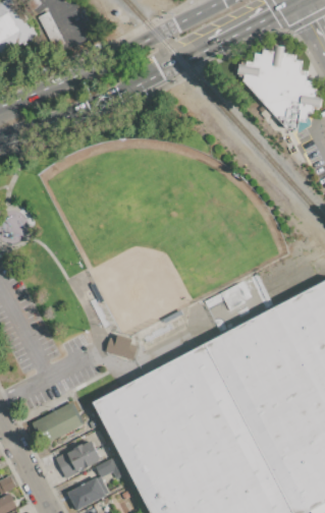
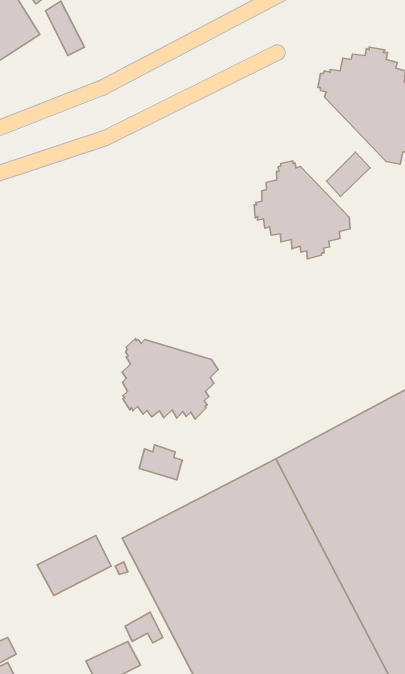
building: none -> [327,152,370,196]
building: none -> [254,161,350,259]
building: none -> [122,339,218,419]
building: [55,440,100,477] -> none

